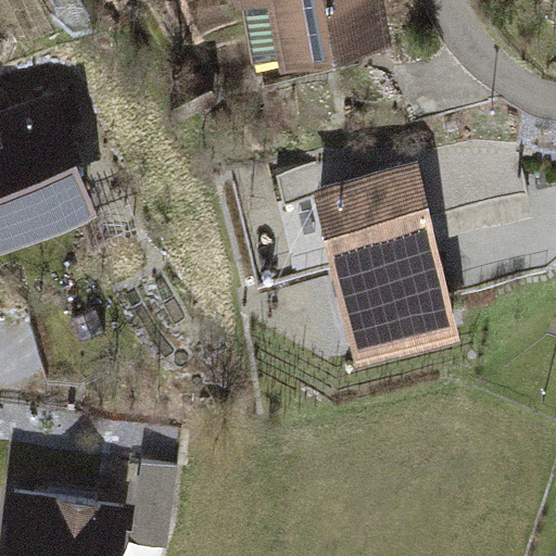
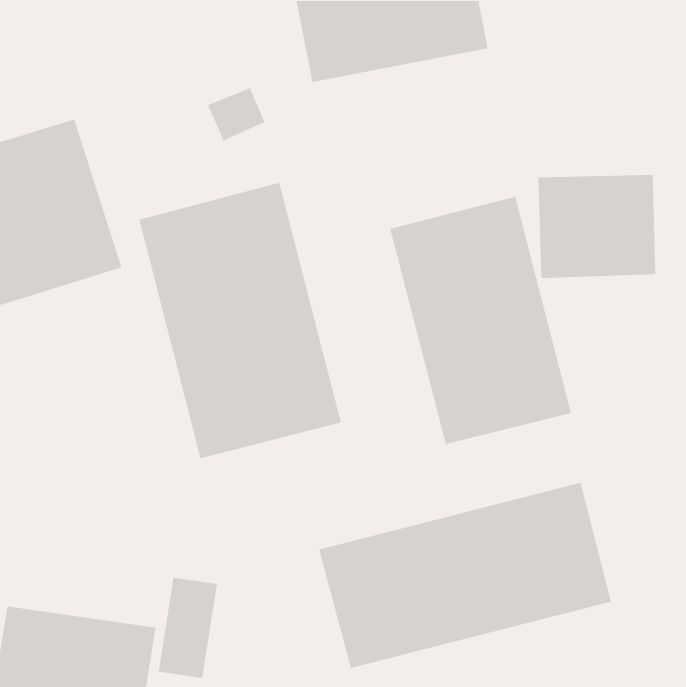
building: none -> [139,182,342,459]
building: none -> [318,482,612,669]

